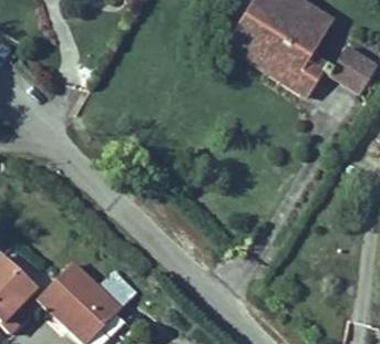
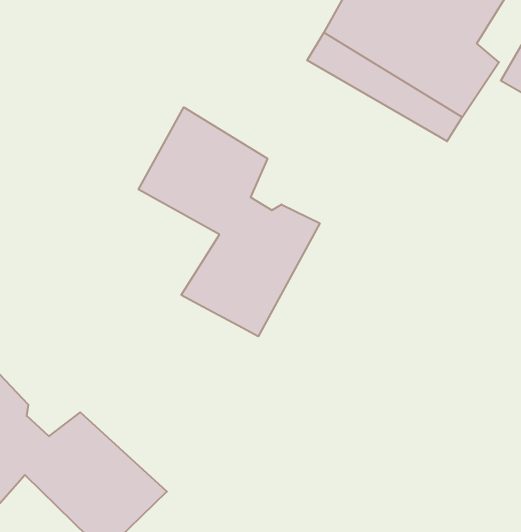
building: none -> [138,107,320,336]

